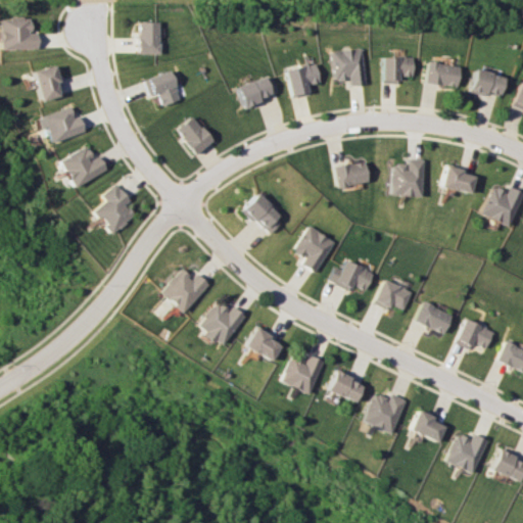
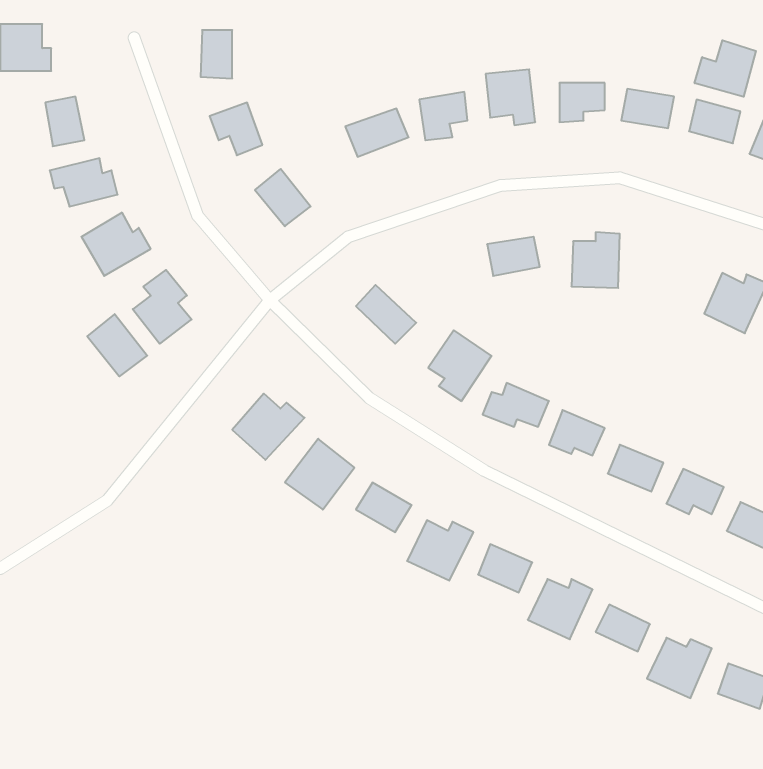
building: none -> [695,40,756,97]
building: [441,165,476,194] -> none
building: none -> [87,314,147,376]

